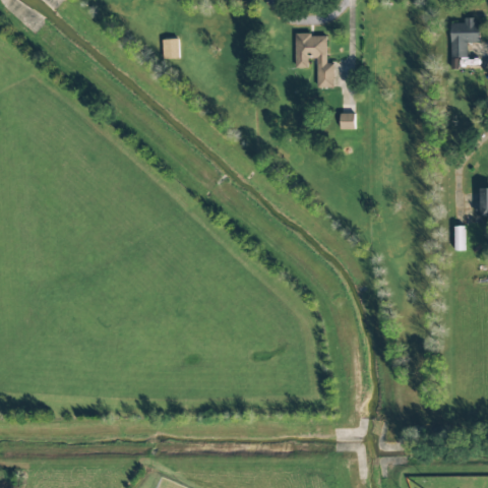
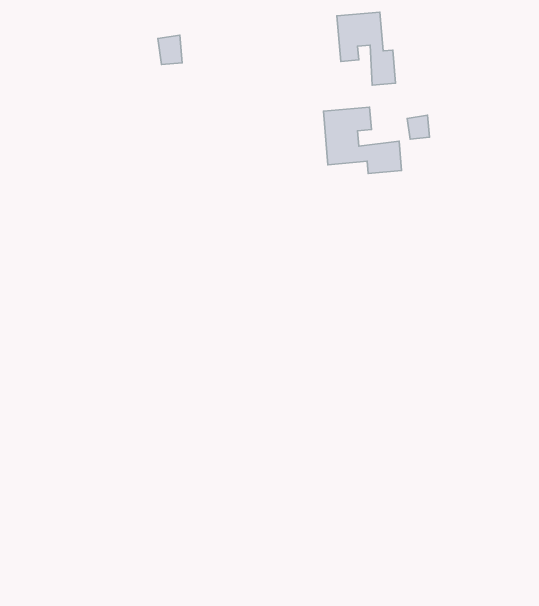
building: none -> [323,107,402,173]

